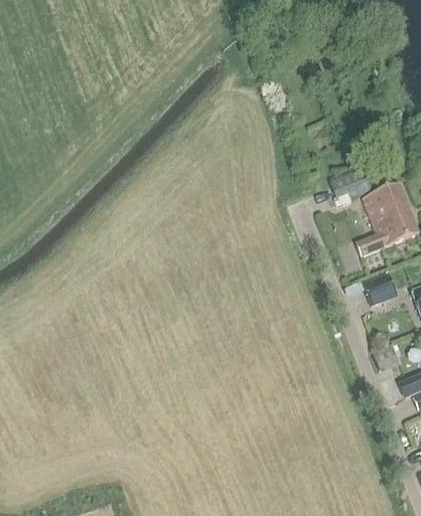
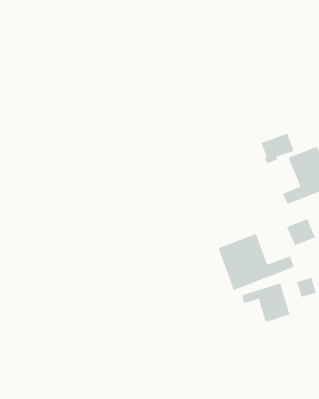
building: none -> [218,233,294,291]
building: none -> [242,282,290,323]

